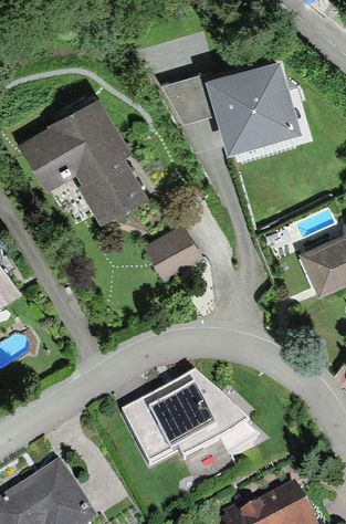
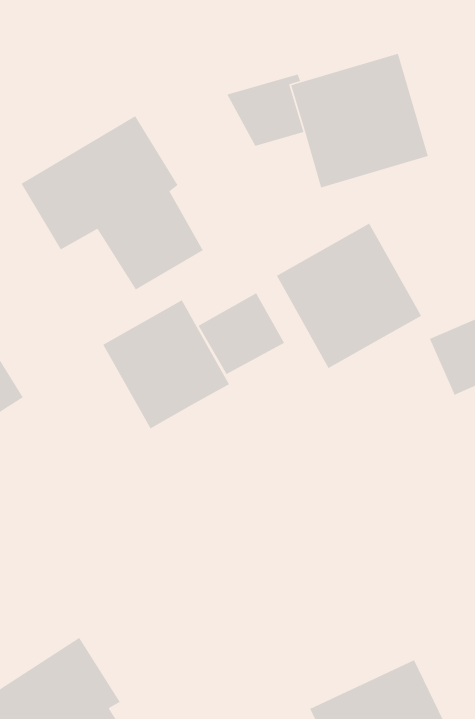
building: none -> [276,223,422,369]
building: none -> [102,299,230,430]
building: [123,373,261,464] -> none

